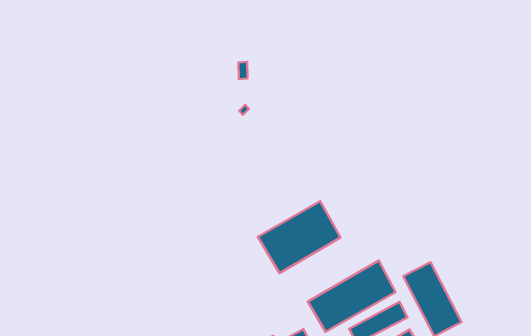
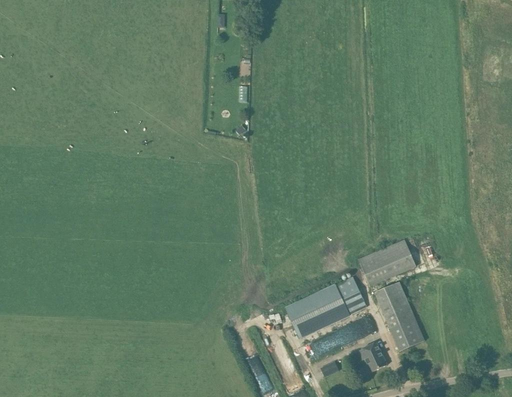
building: [258,201,341,273] -> none
building: none -> [357,239,415,286]

